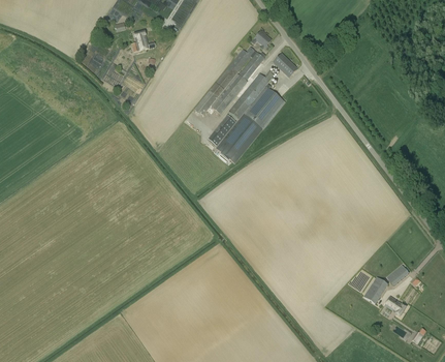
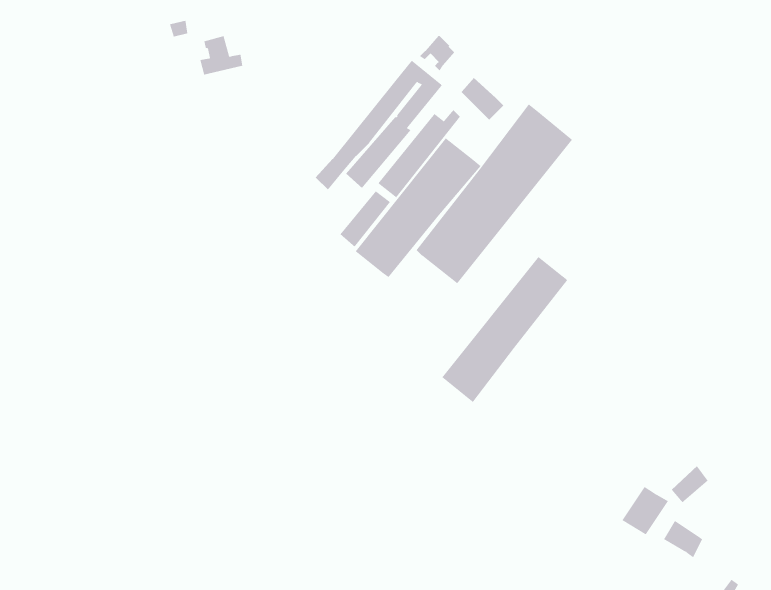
building: none -> [416,104,573,284]
building: none -> [442,256,568,403]

